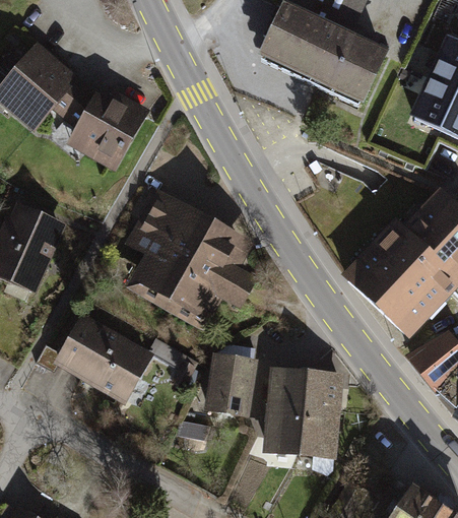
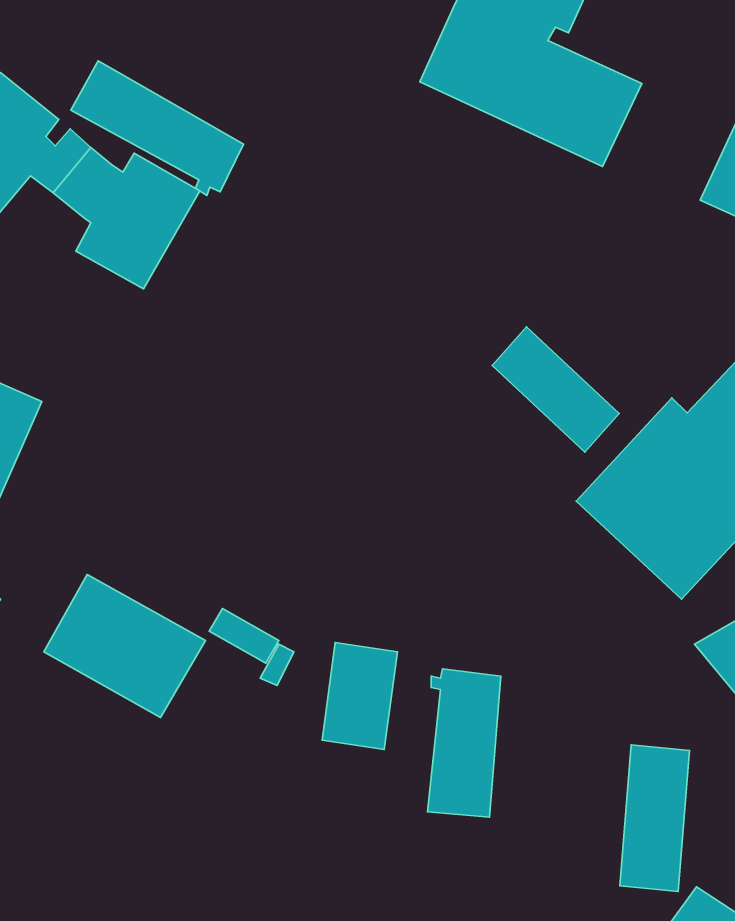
building: none -> [71,61,244,195]
building: none -> [492,327,619,452]
building: [137,194,249,310] -> none
building: [300,374,337,453] -> [620,745,690,892]

